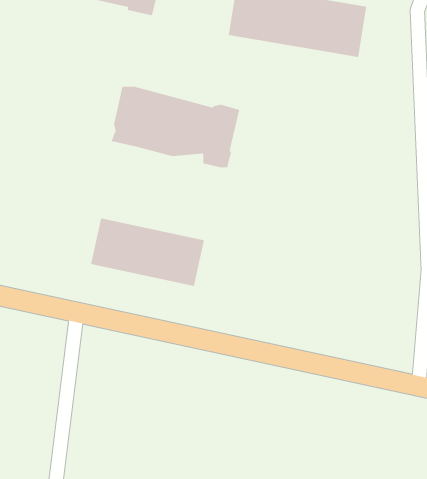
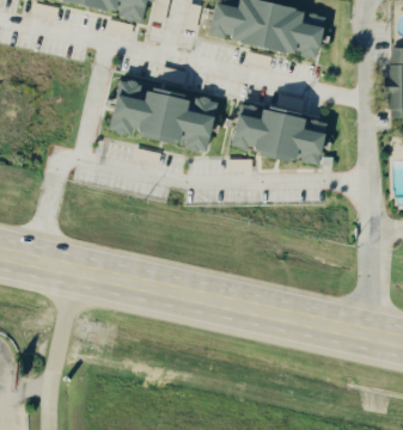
building: none -> [228,103,328,166]
building: [90,218,205,287] -> none

